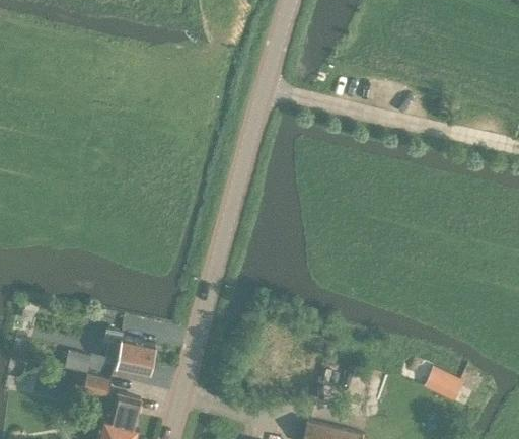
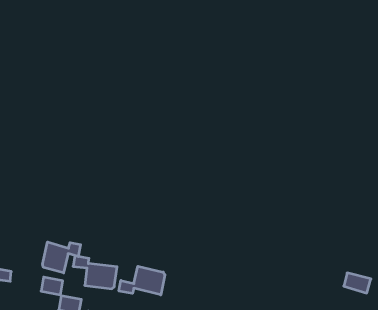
building: none -> [43,242,81,273]
building: none -> [119,266,165,295]

